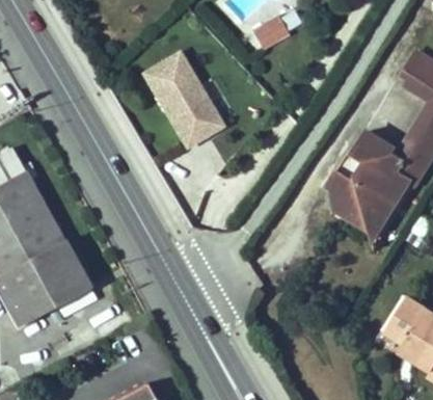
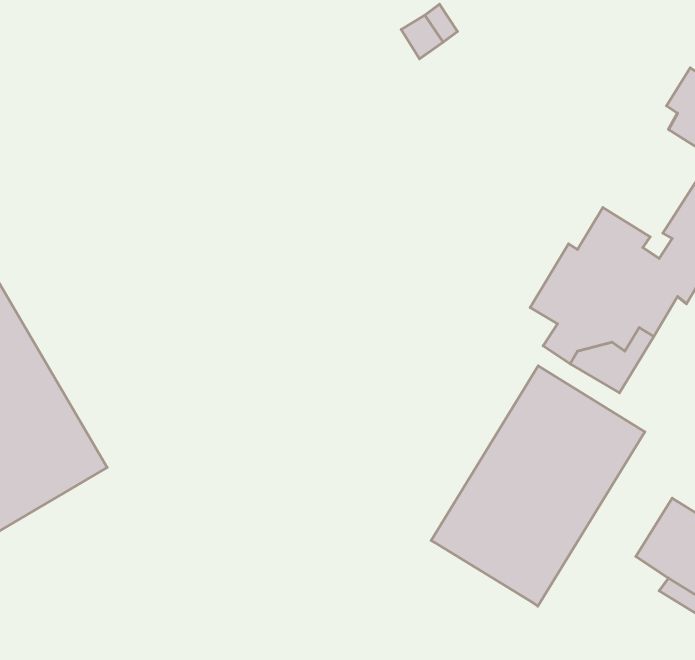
building: [140,55,221,151] -> none
building: none -> [431,366,645,606]

